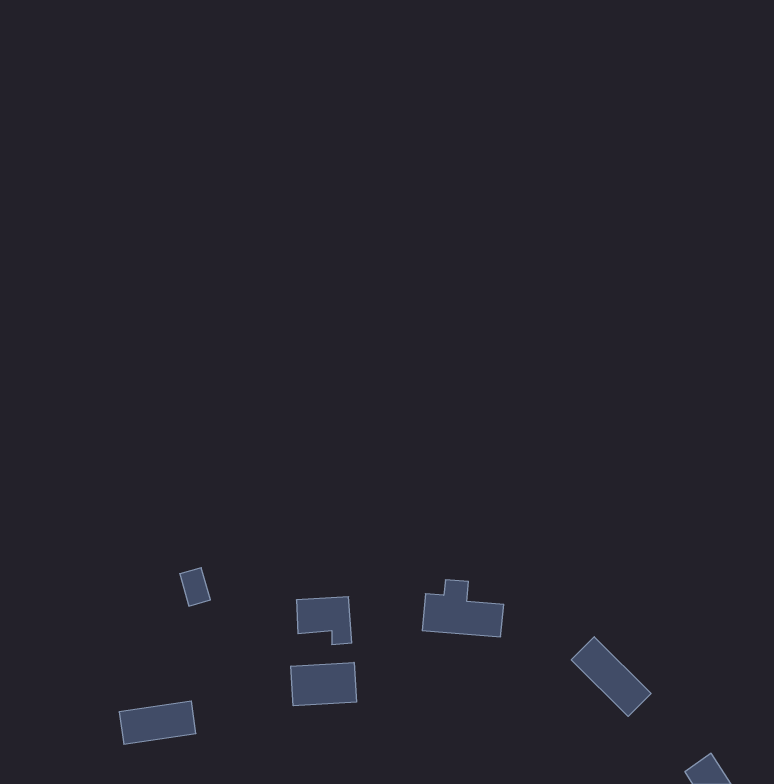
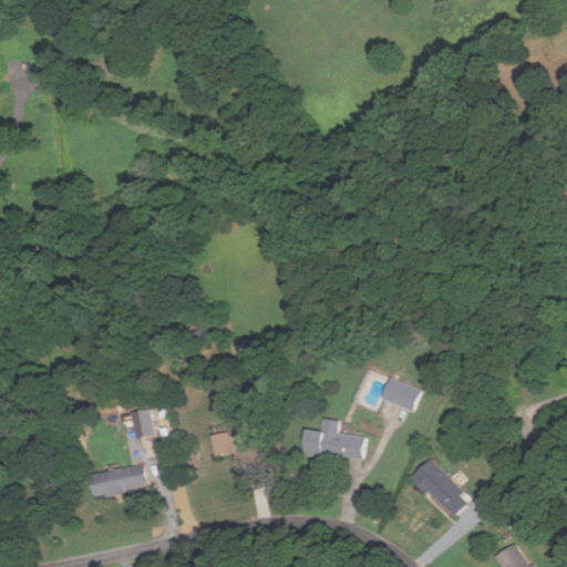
building: none -> [380,378,419,411]
building: [291,662,356,706] -> none
building: [119,701,196,744] -> [91,465,146,496]

